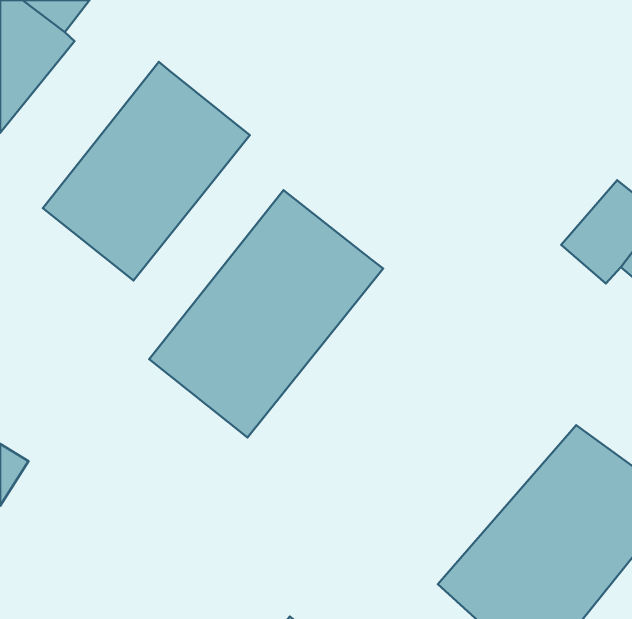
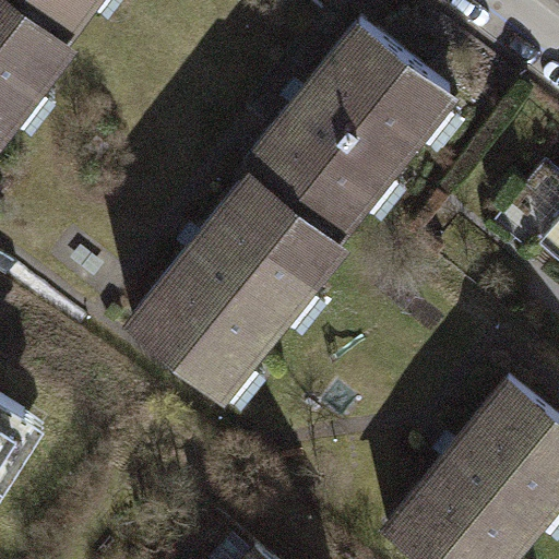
building: none -> [242,27,447,242]
building: [43,62,250,280] -> none

